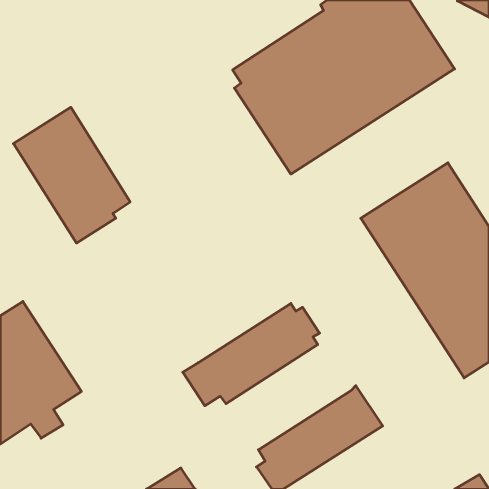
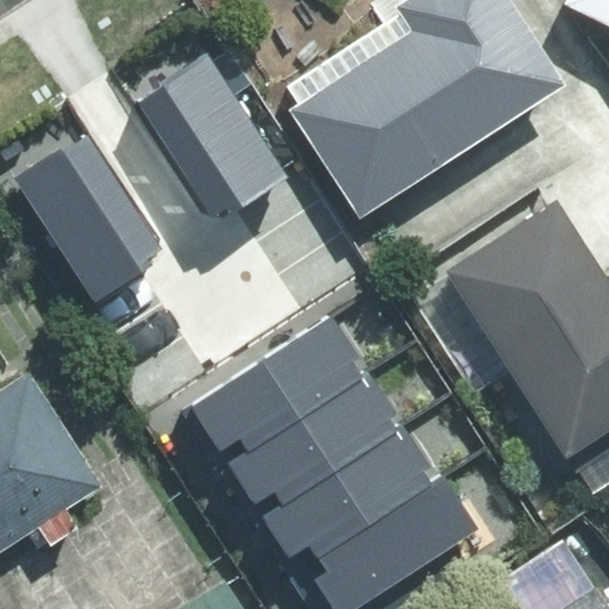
building: none -> [137,55,287,215]
building: none -> [190,314,362,453]
building: none -> [268,428,437,559]

